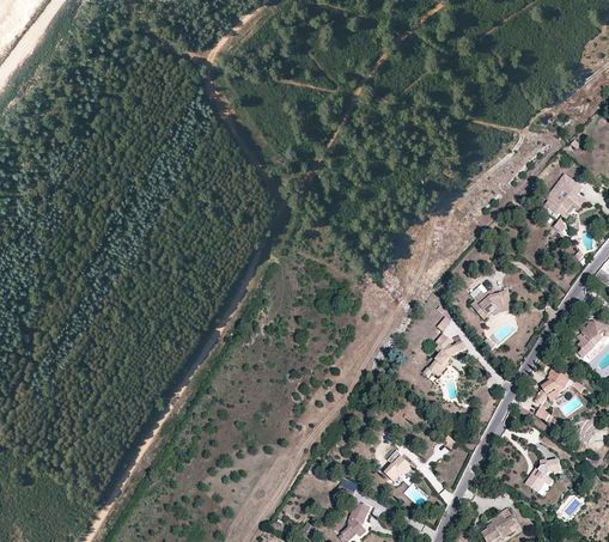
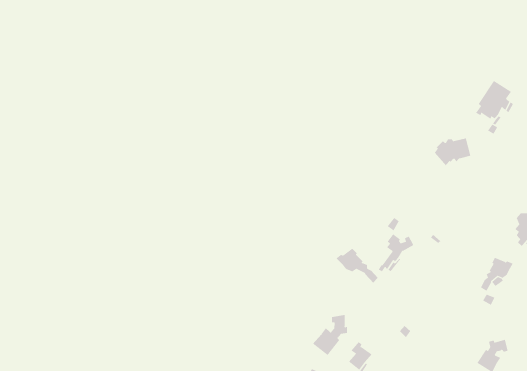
building: [471,290,512,319] -> [434,138,471,166]
building: none -> [336,248,379,283]
building: none -> [312,314,348,356]

